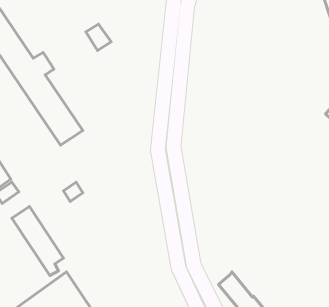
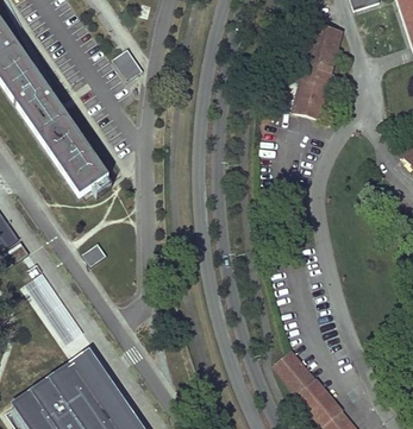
building: none -> [292,24,340,118]

